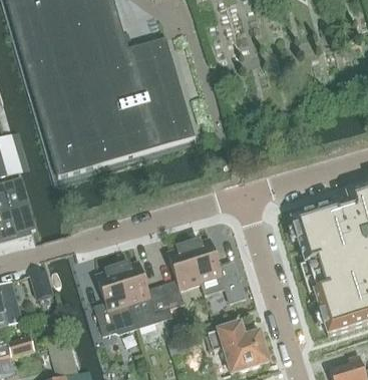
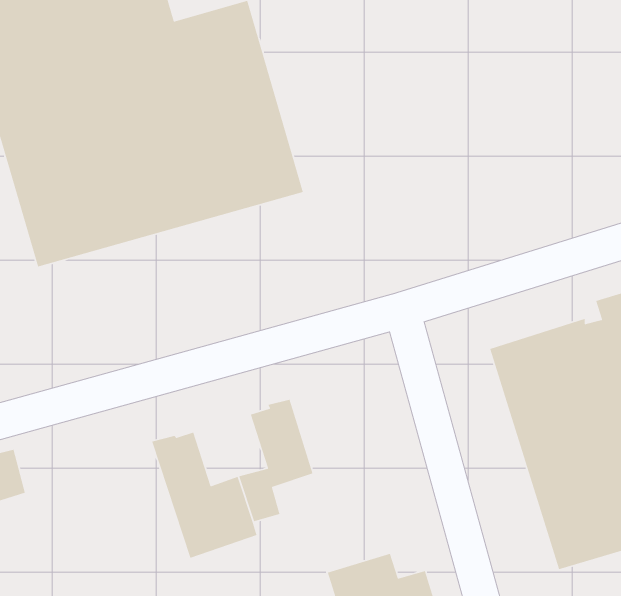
building: [188,238,245,303] -> none
building: [92,266,135,334] -> none

